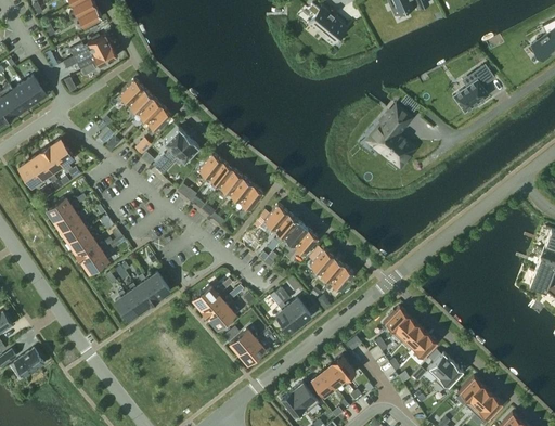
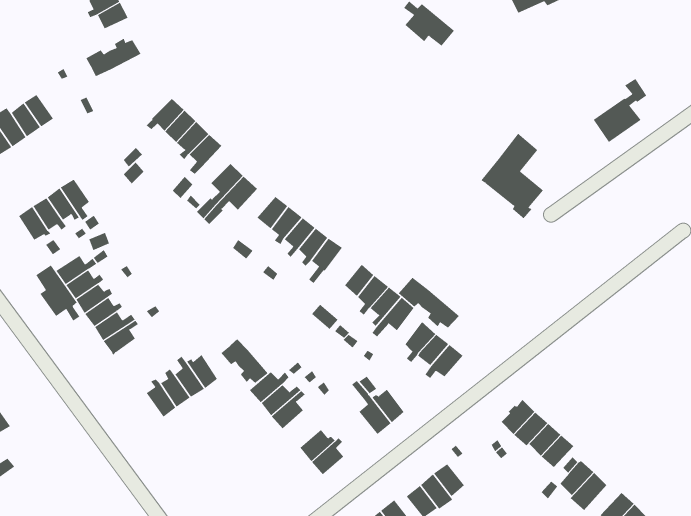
building: [77,46,117,70] -> none
building: none -> [35,264,80,321]
building: none -> [398,277,460,328]
building: none -> [221,339,269,384]
building: [10,348,44,377] -> none

